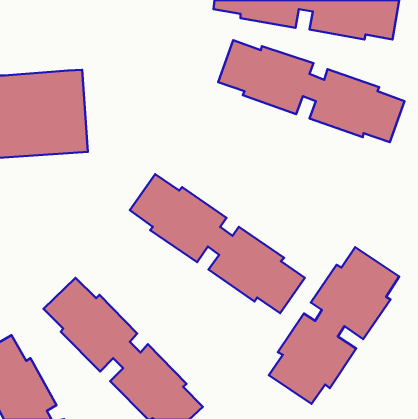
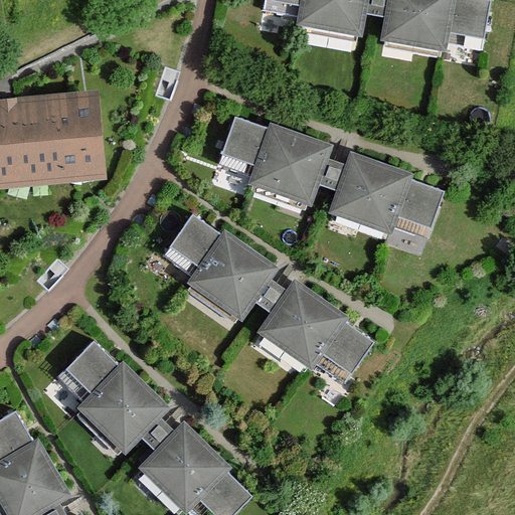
building: [218,40,405,142] -> [215,114,444,238]
building: [269,247,399,404] -> none

